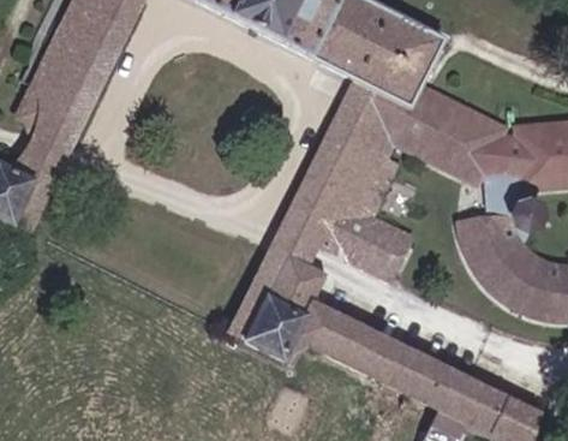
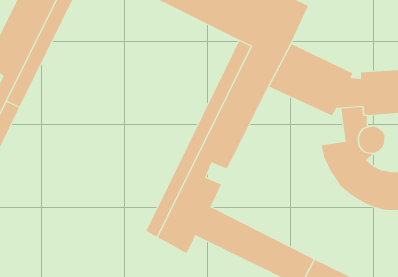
building: [345,157,417,278] -> none

